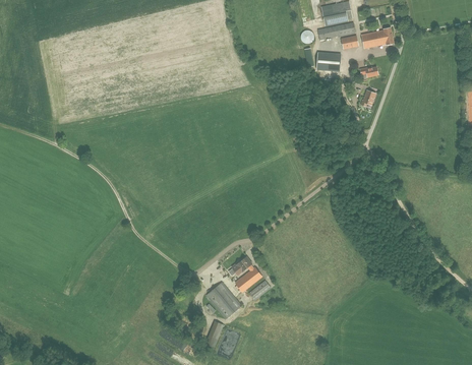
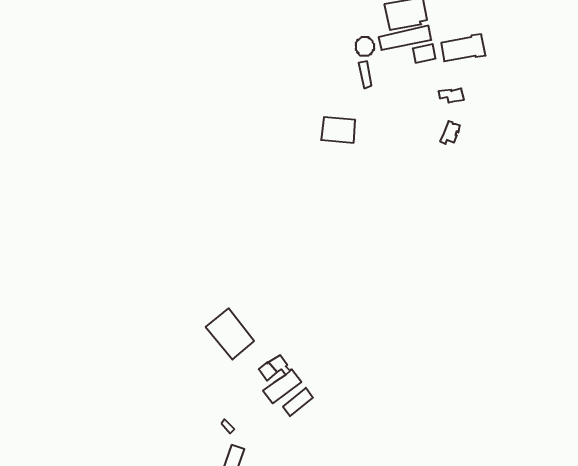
building: [315,52,340,70] -> [321,117,355,143]
building: [205,282,240,318] -> [206,308,254,360]

